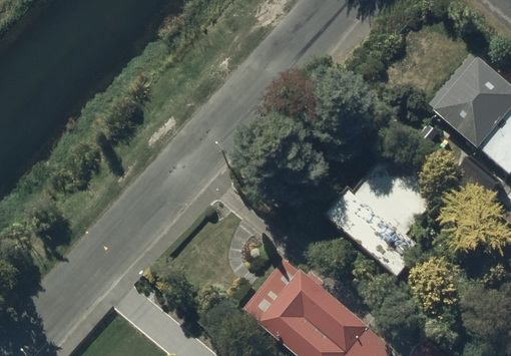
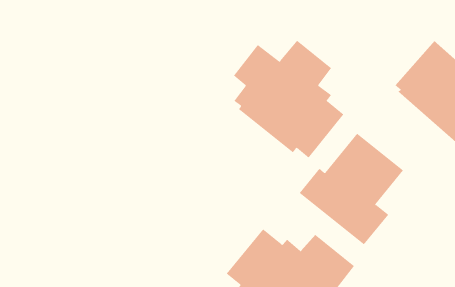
building: none -> [233,40,344,159]

